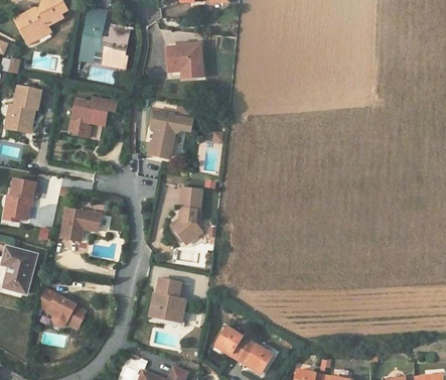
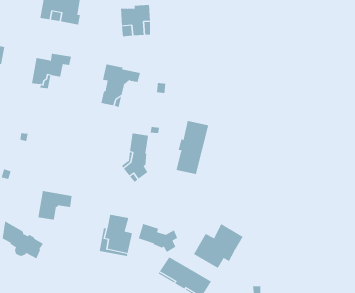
building: none -> [176,120,209,175]
building: [61,209,101,242] -> [38,191,73,220]
building: none -> [193,223,243,269]
building: none -> [138,223,178,253]

